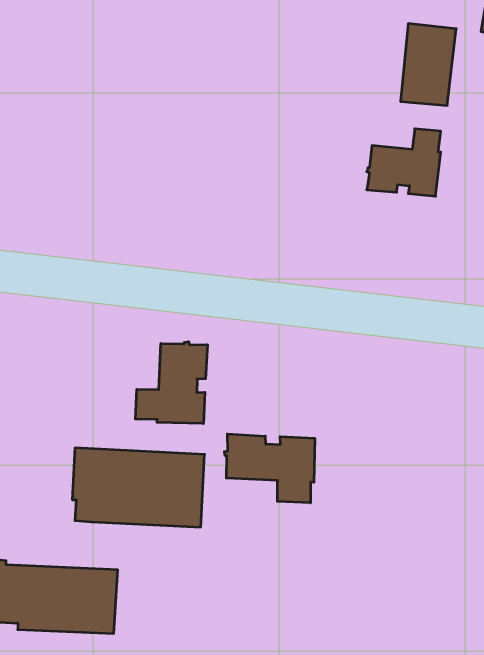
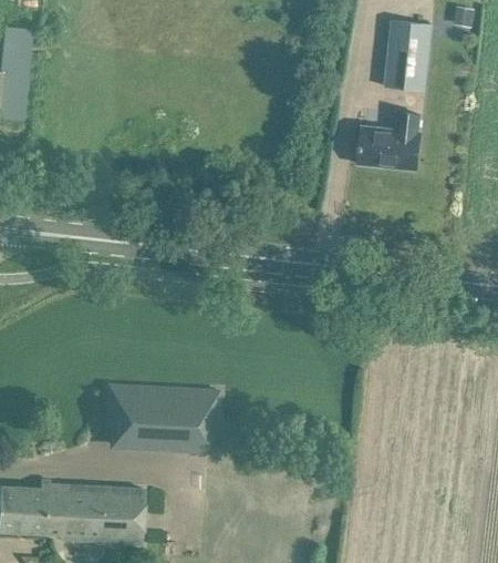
building: [135,342,207,424] -> none
building: [224,434,315,503] -> none

